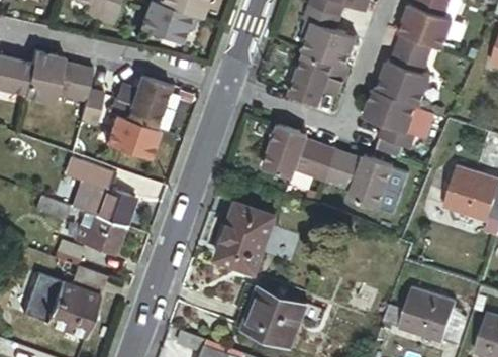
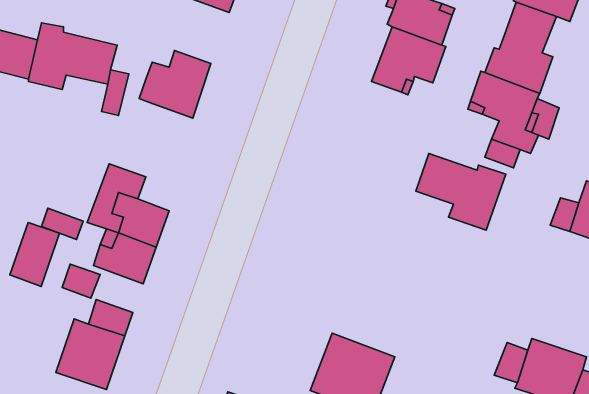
building: [105,109,158,152] -> none
building: [263,125,334,178] -> none
building: [216,203,274,273] -> none
building: [21,269,60,319] -> [10,223,59,286]

